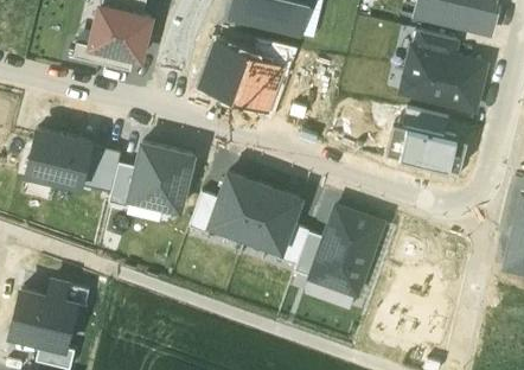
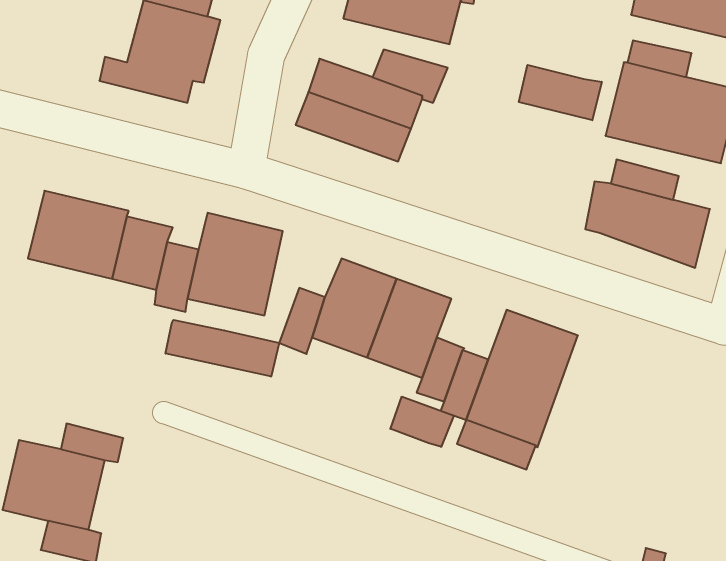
building: none -> [519,65,602,120]
building: none -> [166,320,279,377]
building: none -> [390,397,454,447]

